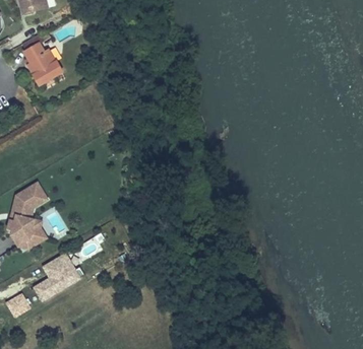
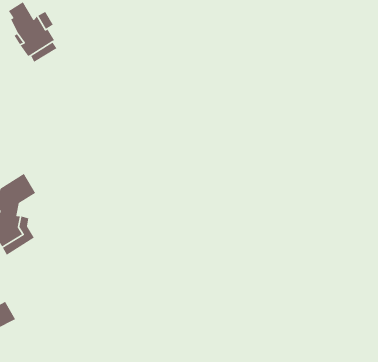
building: [29,250,79,301] -> none

